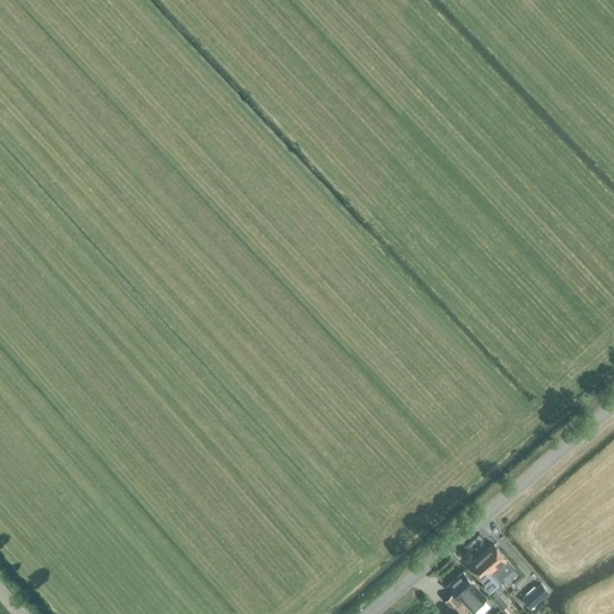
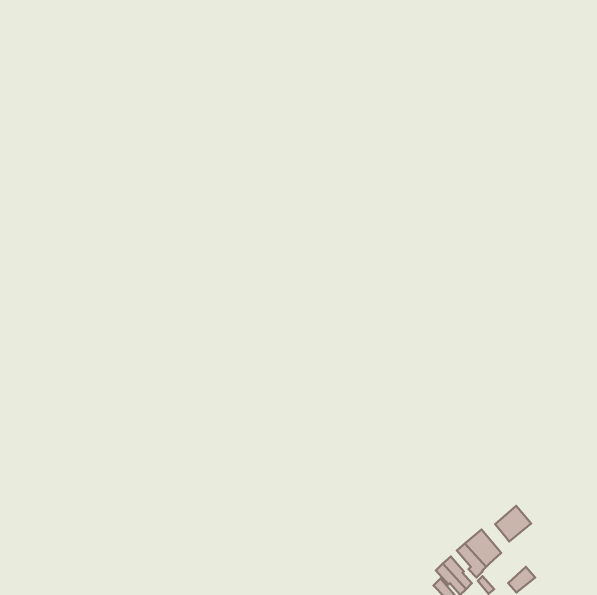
building: none -> [495,506,531,541]

